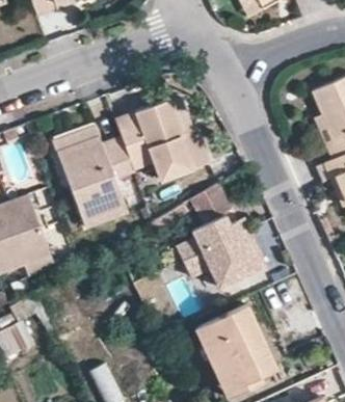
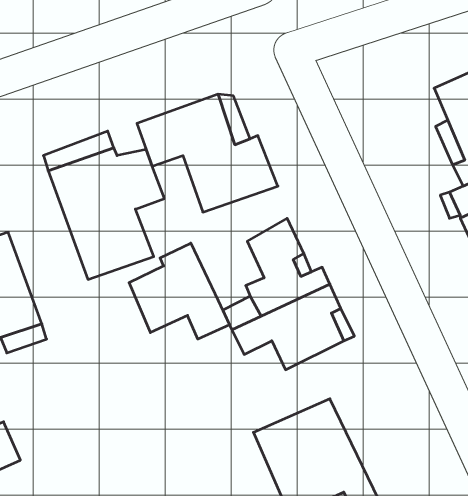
building: none -> [129,243,230,339]

